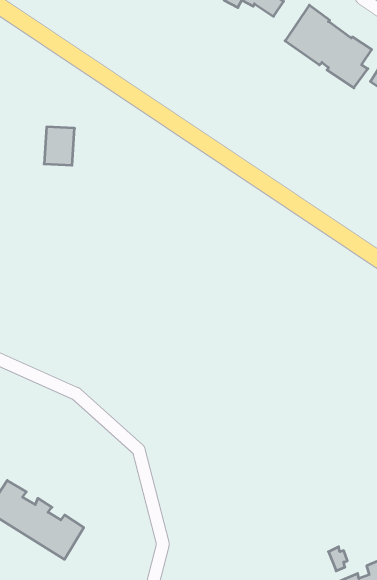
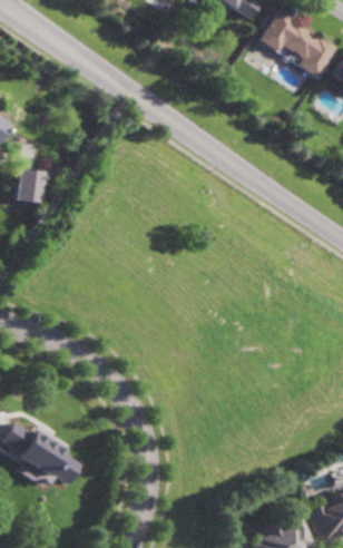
building: [44,127,75,165] -> [17,168,43,202]

